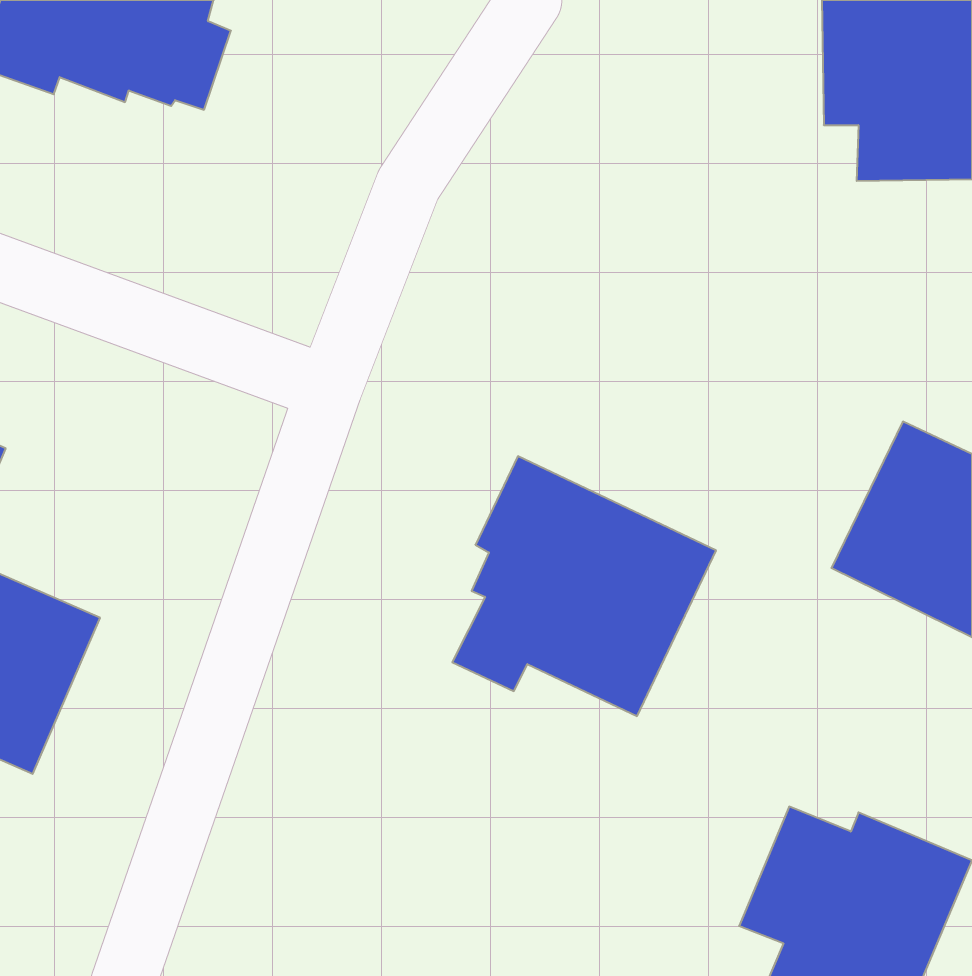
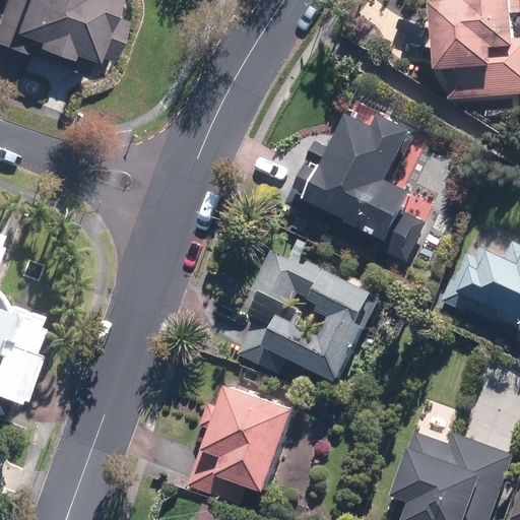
building: none -> [294,109,424,261]
building: none -> [186,385,298,498]

